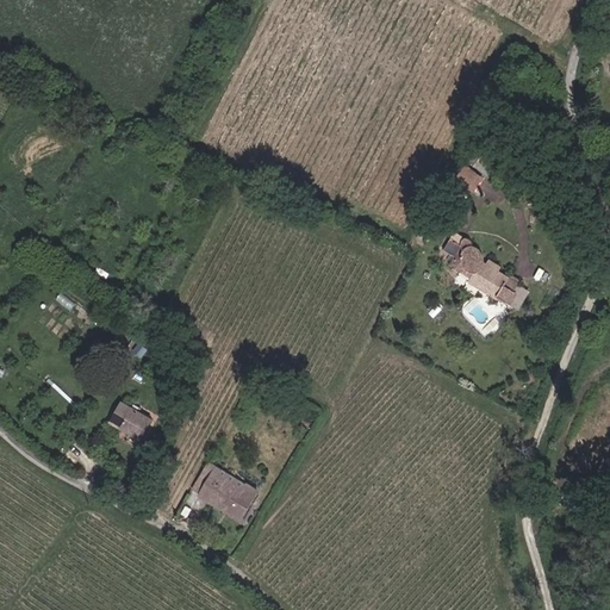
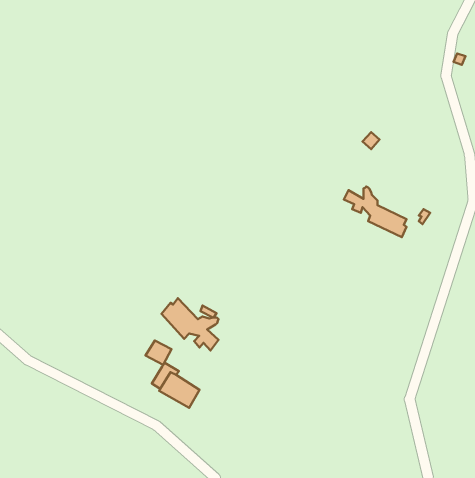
building: none -> [162,298,219,350]
building: [119,407,152,438] -> [145,341,172,365]

